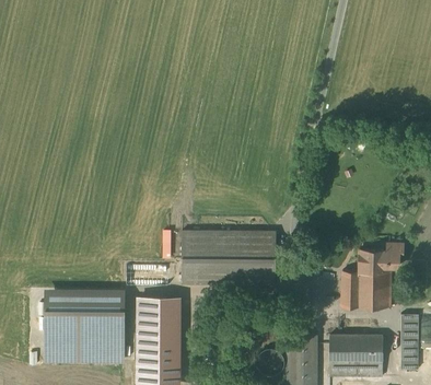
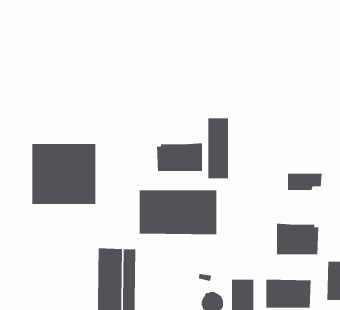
building: none -> [208,118,229,179]
building: none -> [156,143,203,172]
building: [359,250,399,271] -> [287,173,323,191]
building: [47,290,121,361] -> [31,143,96,205]

